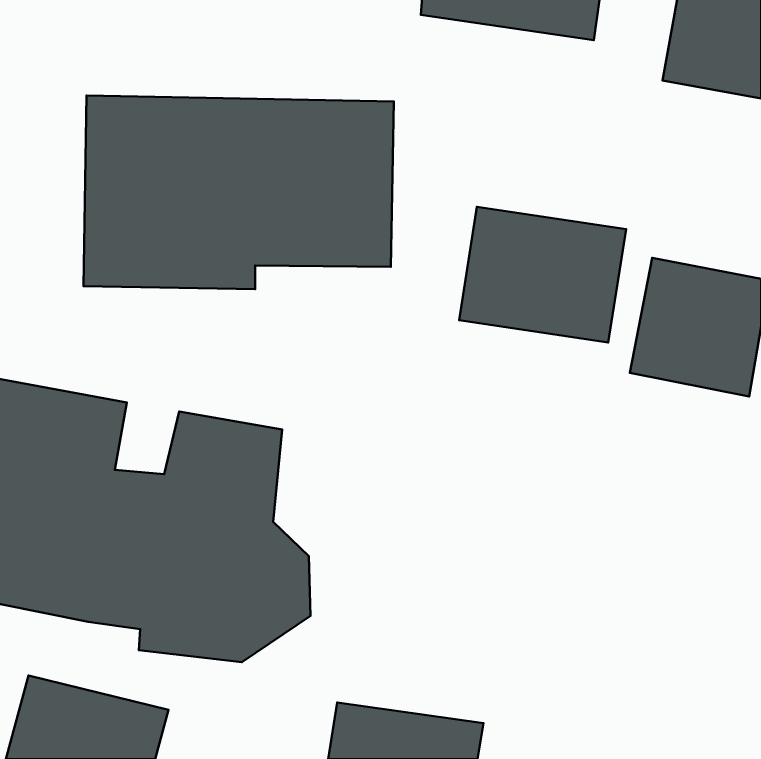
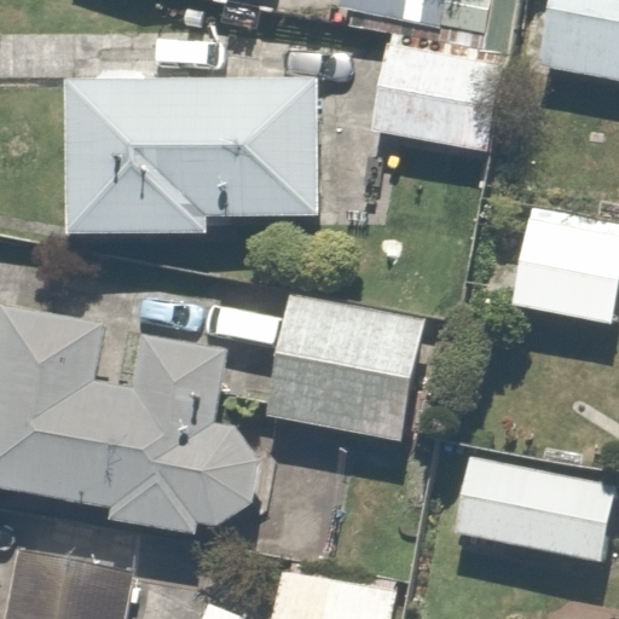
building: [459,207,626,343] -> [370,34,505,144]
building: none -> [266,294,423,440]
building: none -> [452,455,611,555]

